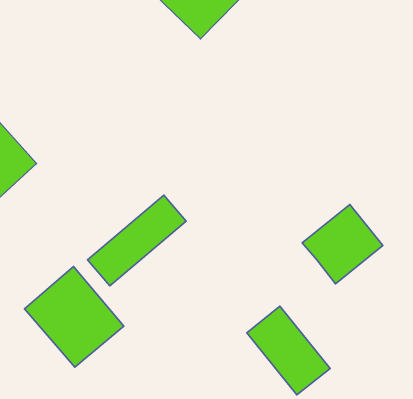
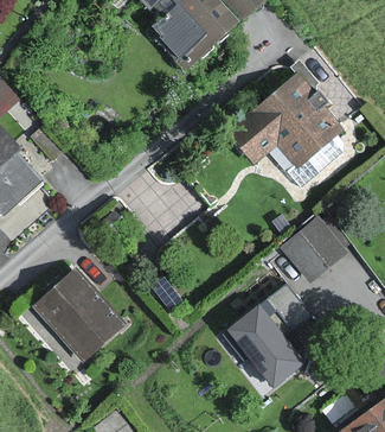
building: none -> [226,74,332,171]
building: [88,195,186,286] -> none

